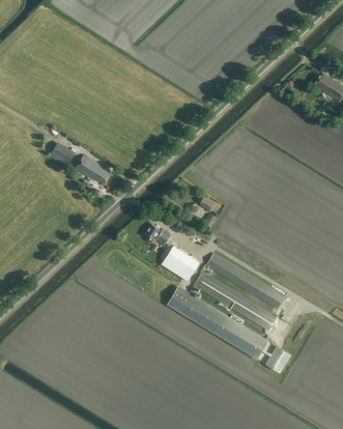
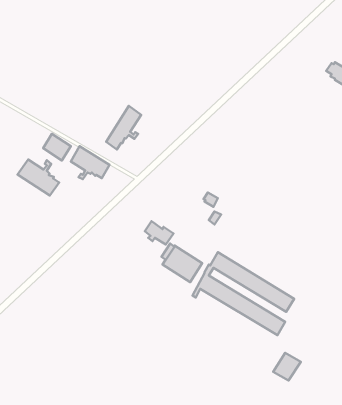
building: none -> [106,106,141,149]
building: none -> [17,159,59,195]
building: [167,286,268,360] -> none

